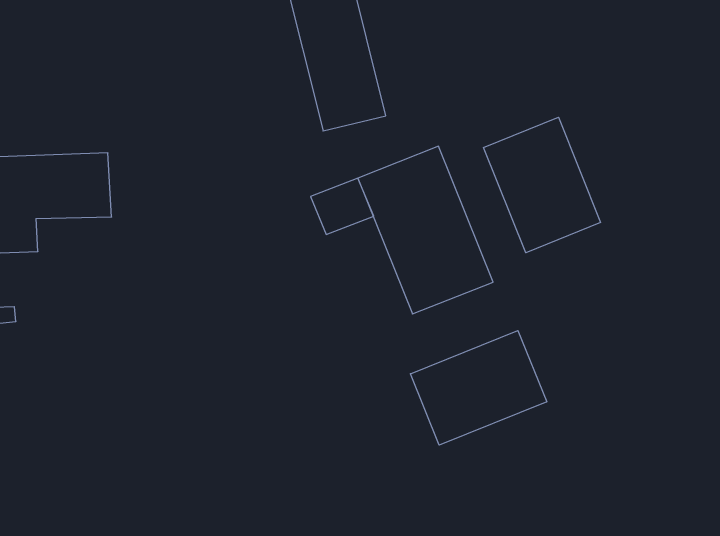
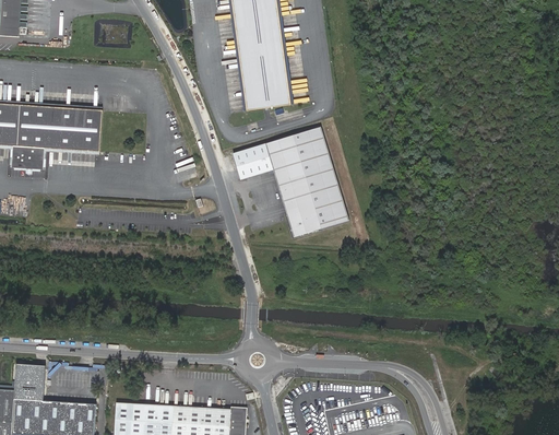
building: [483,117,601,253] -> none
building: [410,331,547,445] -> none

